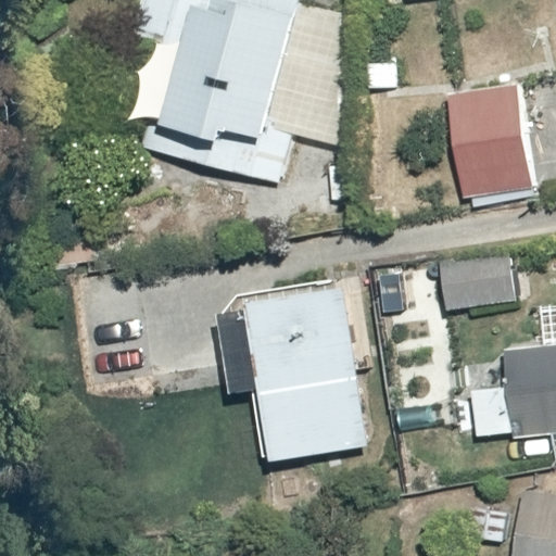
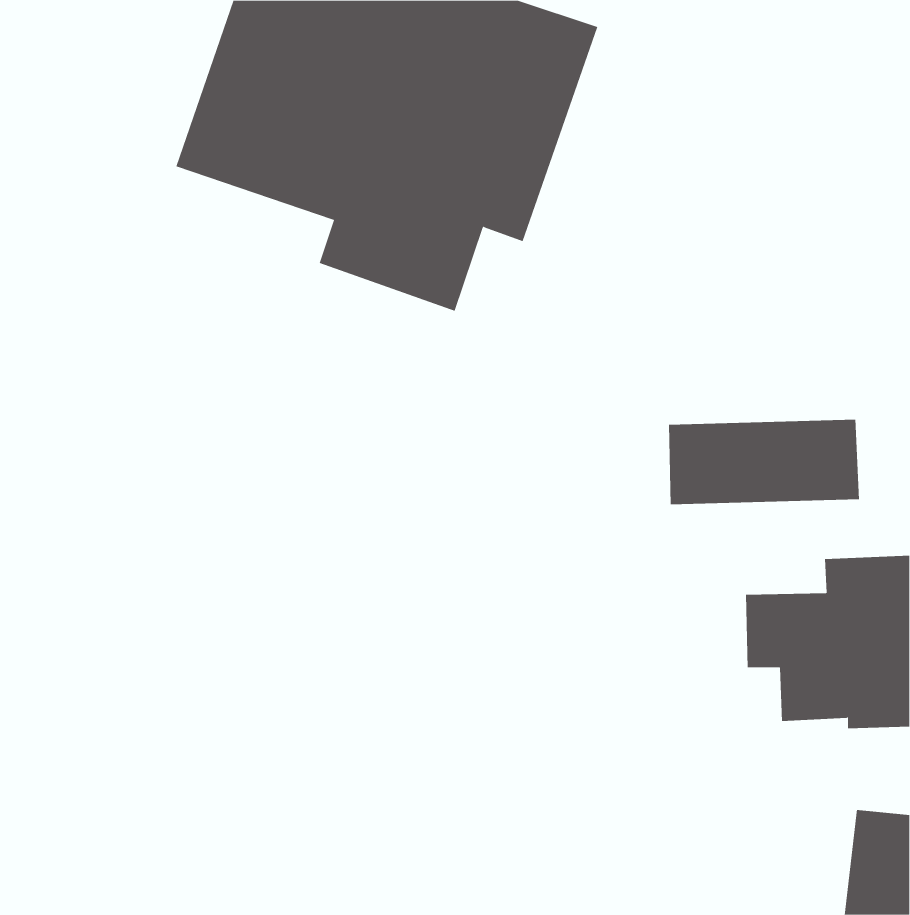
building: [445,84,536,206] -> none
building: [220,285,369,462] -> none

